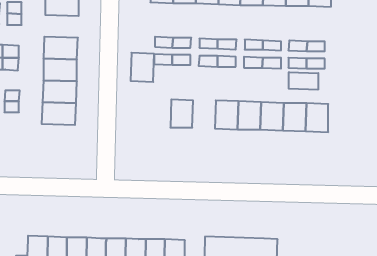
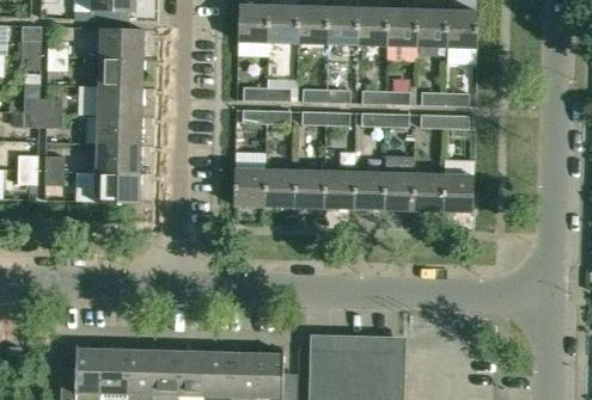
building: none -> [98,57,144,87]
building: [131,53,154,82] -> [234,167,266,205]
building: [289,72,318,90] -> none
building: none -> [293,170,324,207]

